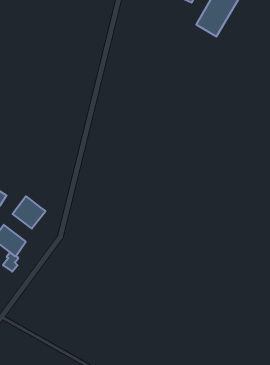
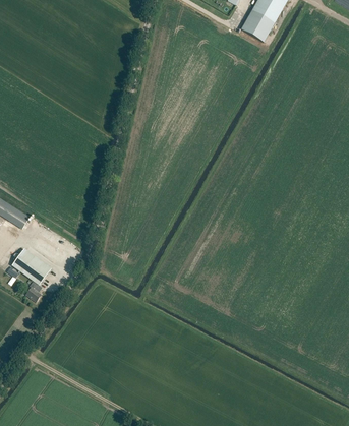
building: [13,196,45,229] -> none

